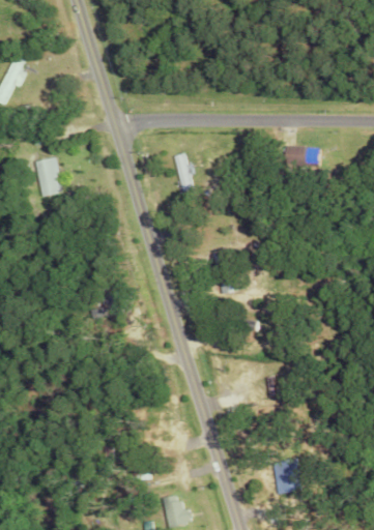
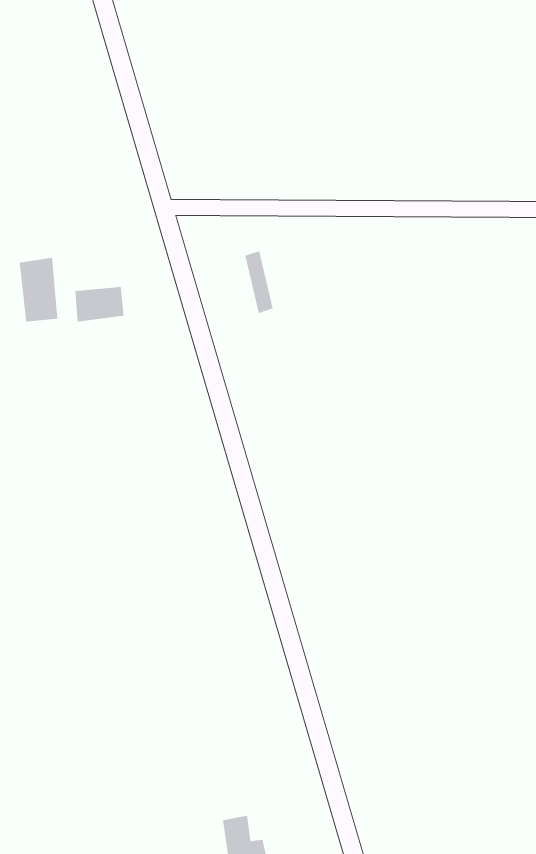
building: none -> [75,286,124,323]
building: [267,459,298,494] -> none

